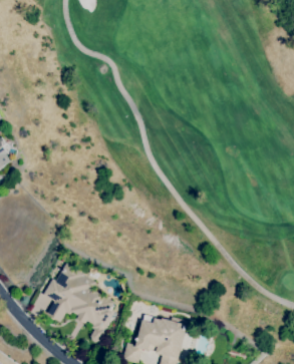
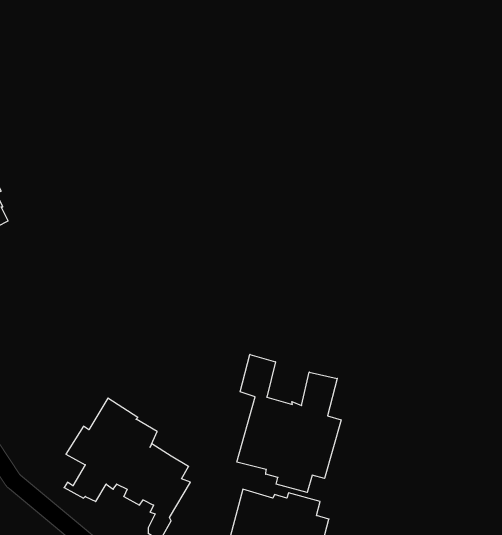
building: none -> [237,354,341,492]

